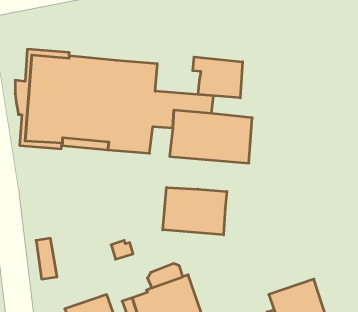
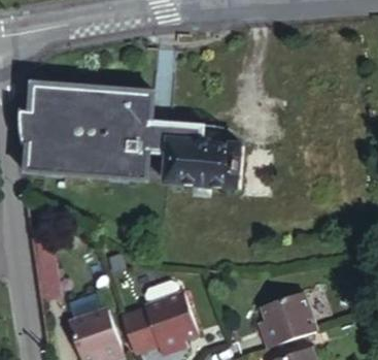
building: [193,57,243,98] -> none
building: [163,187,227,235] -> none

